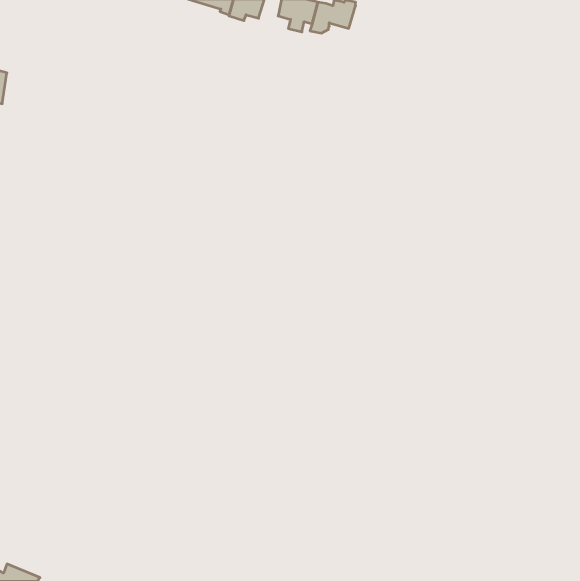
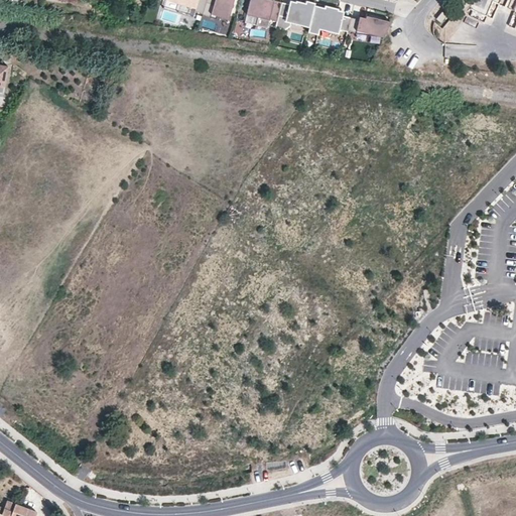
building: none -> [307,5,389,37]

